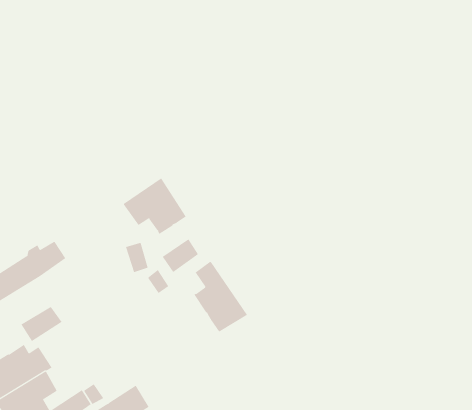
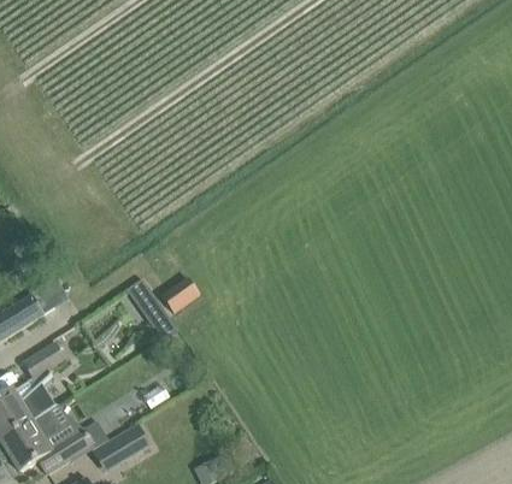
building: [123,178,186,235] -> none
building: [193,261,248,332] -> none

